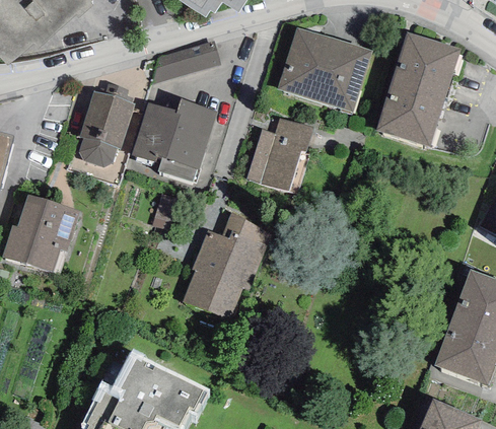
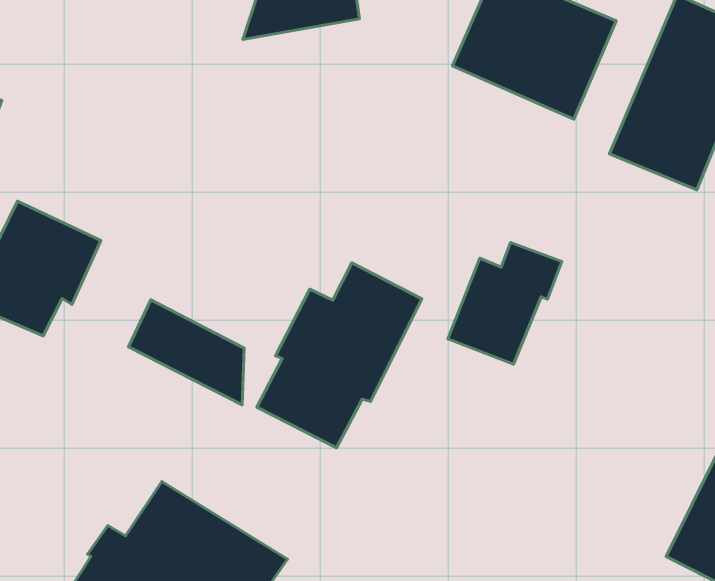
building: [78,84,133,168] -> none
building: [130,99,218,184] -> none
building: [247,120,310,192] -> [448,242,562,364]
building: none -> [128,300,244,405]

